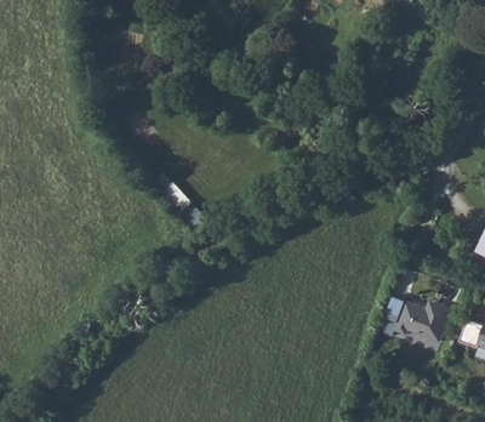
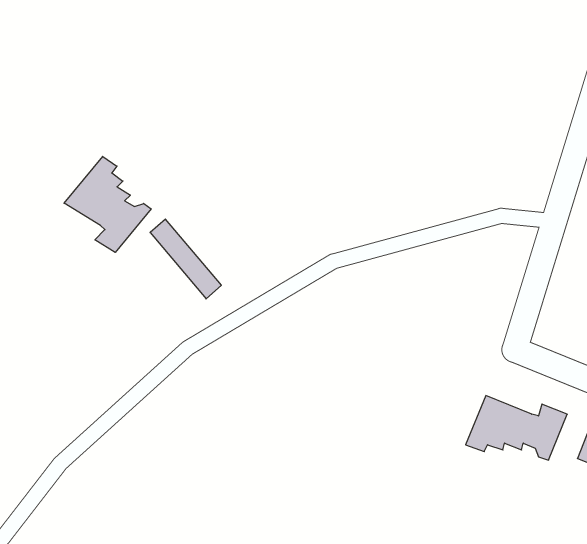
building: none -> [64,156,151,252]

